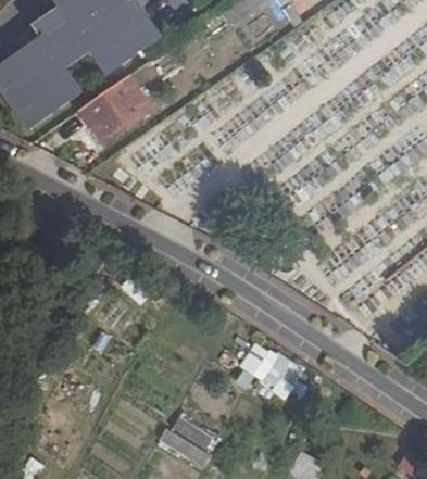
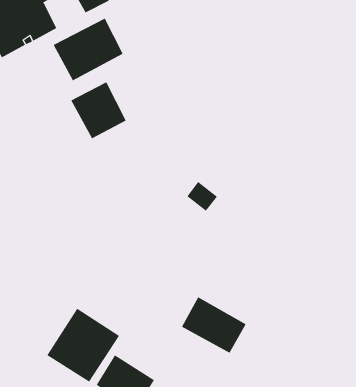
building: none -> [71,81,127,139]
building: none -> [47,308,120,382]

